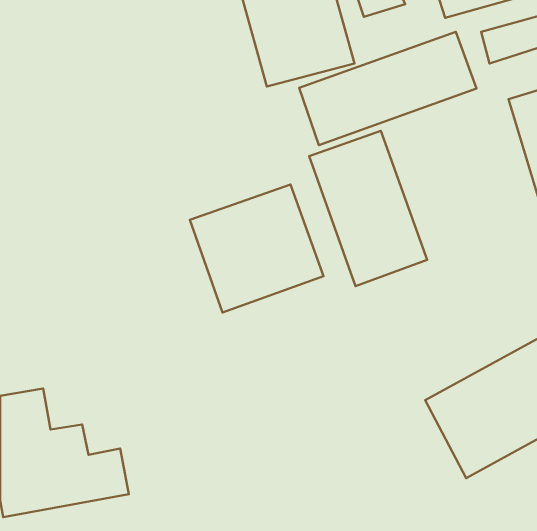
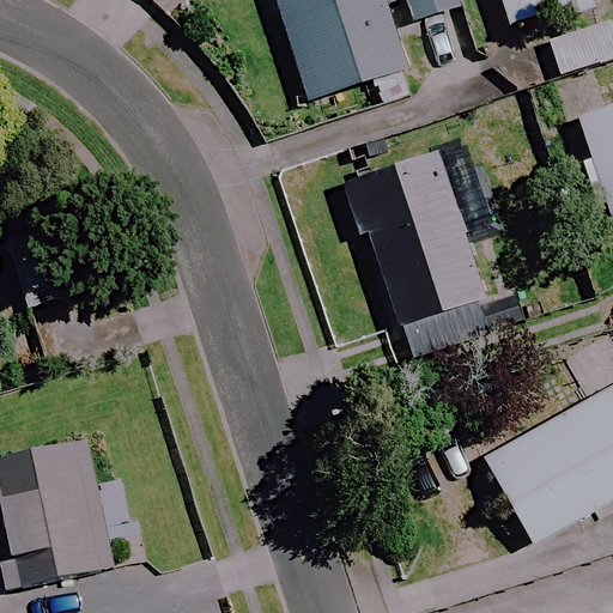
building: [299,32,477,145] -> none
building: [190,184,324,312] -> none

